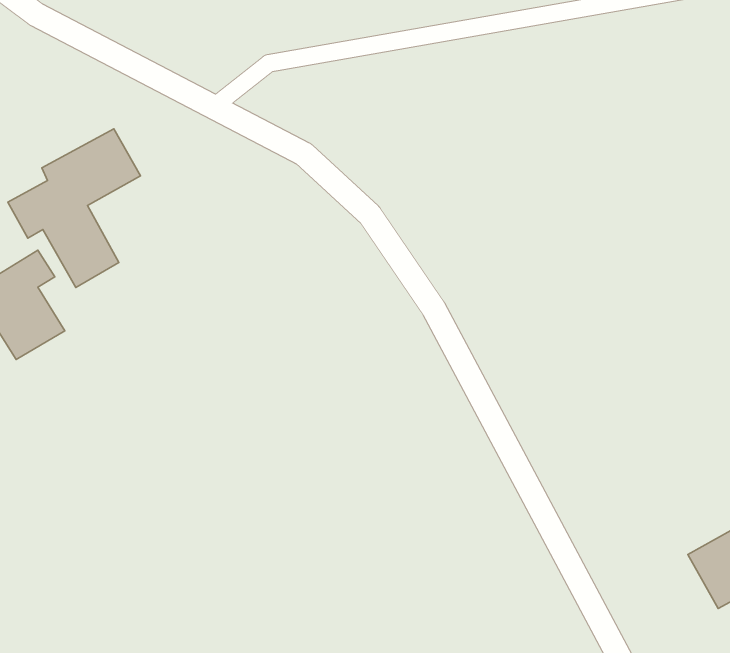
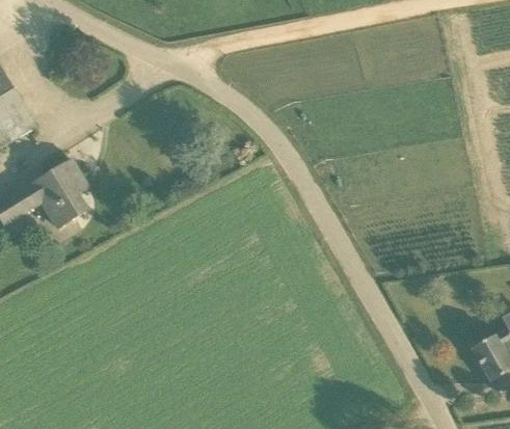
building: [8,129,140,288] -> none

